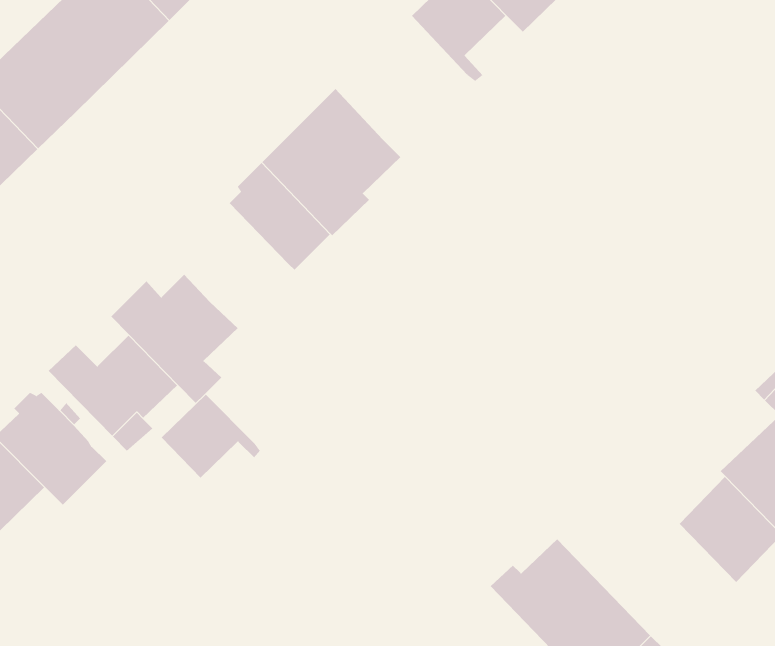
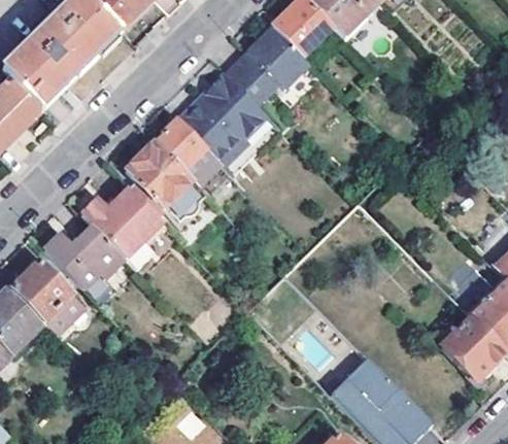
building: none -> [225,27,307,104]
building: none -> [126,142,195,210]
building: [161,394,261,478] -> none

